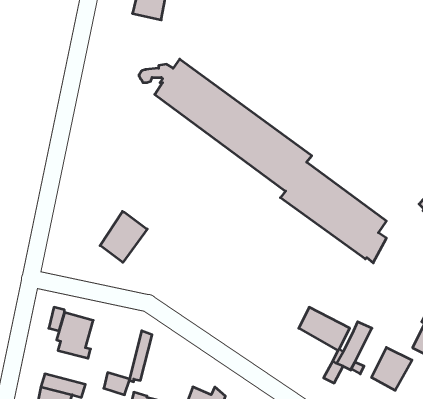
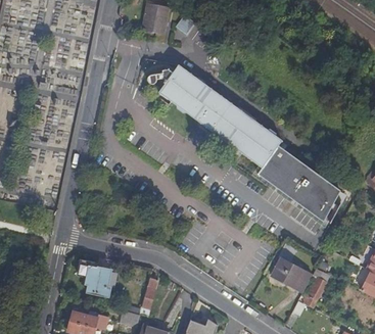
building: [100,211,147,262] -> none
building: [372,347,412,390] -> none

